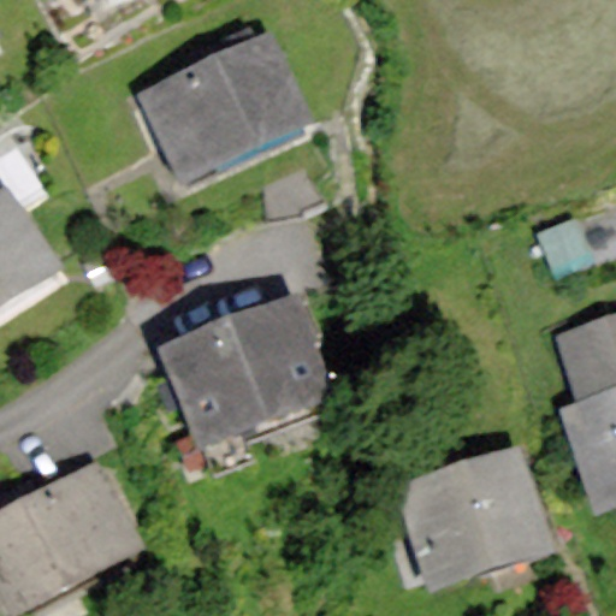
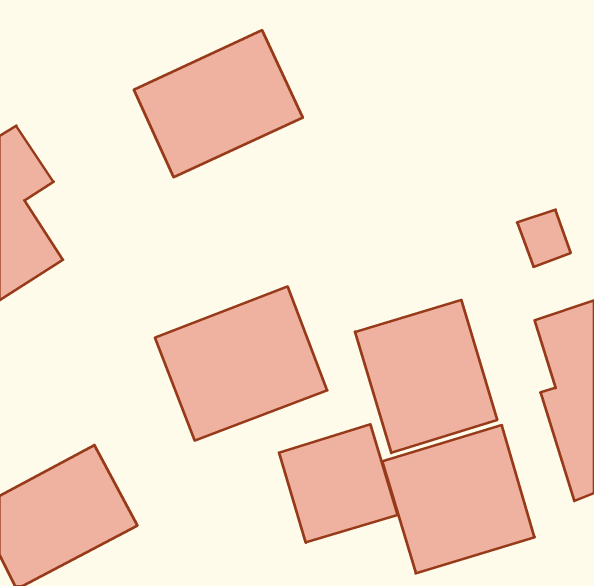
building: none -> [355,300,497,453]
building: none -> [279,424,398,543]

